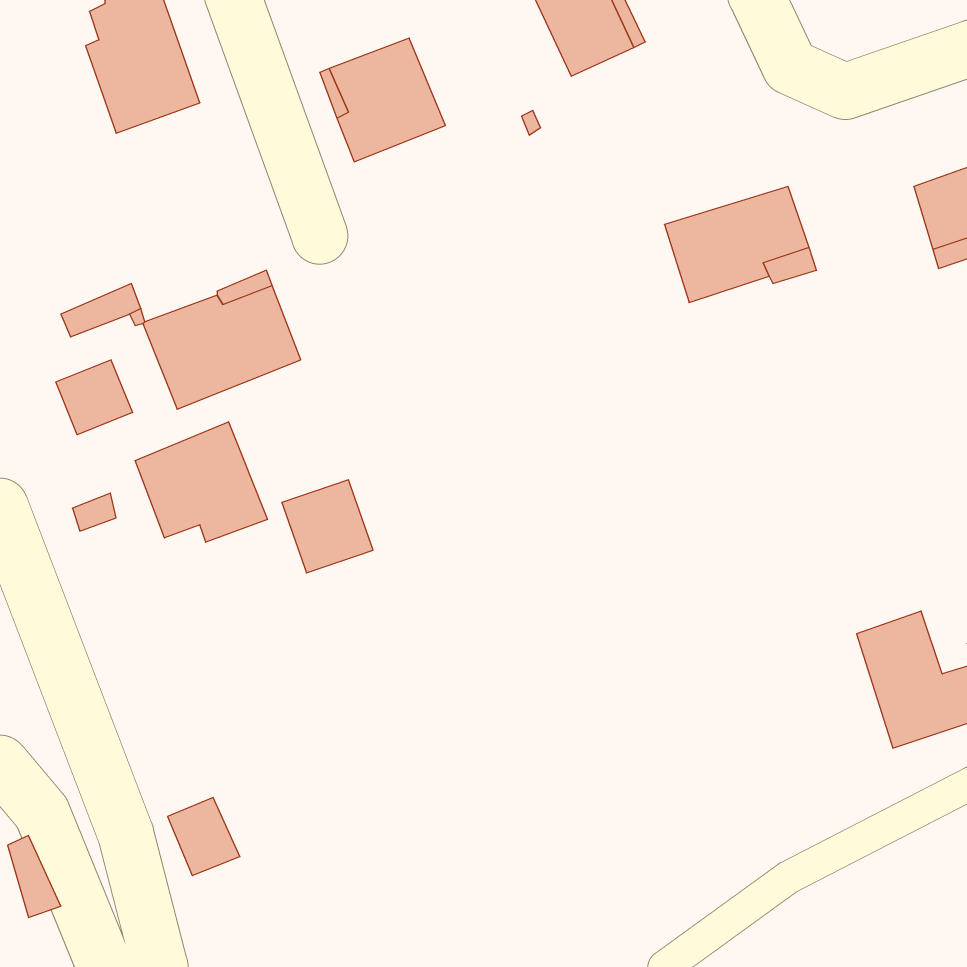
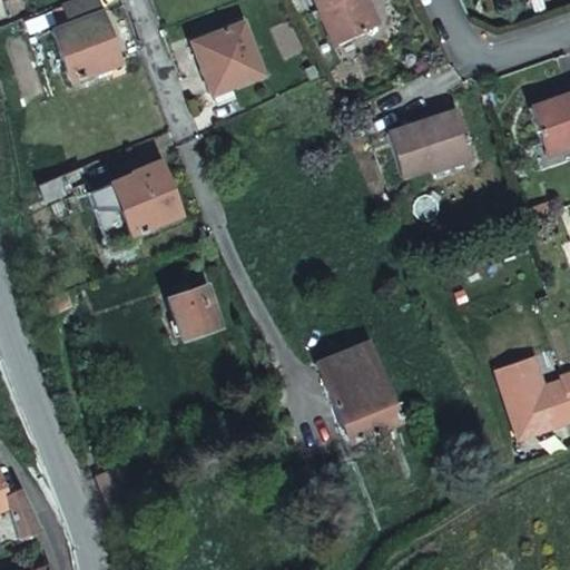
building: [56,360,133,435] -> none
building: [135,422,267,542] -> none
building: none -> [315,342,397,440]

